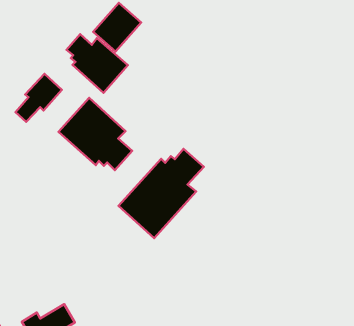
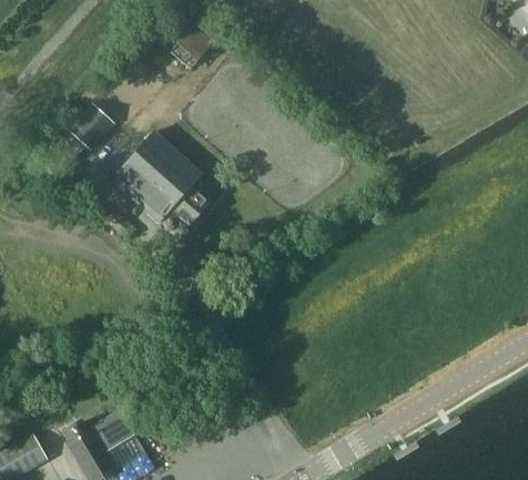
building: [66,34,128,93] -> none
building: [118,149,204,238] -> none

